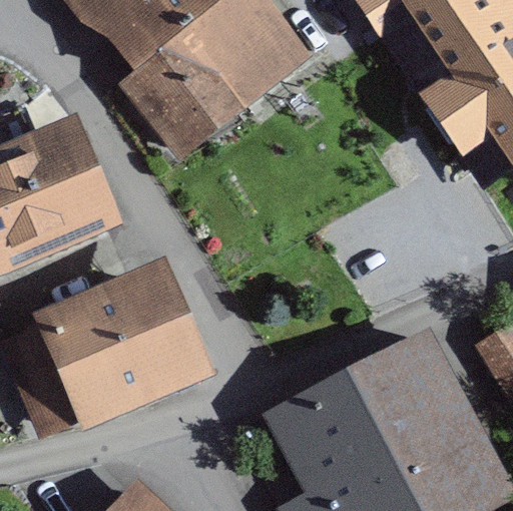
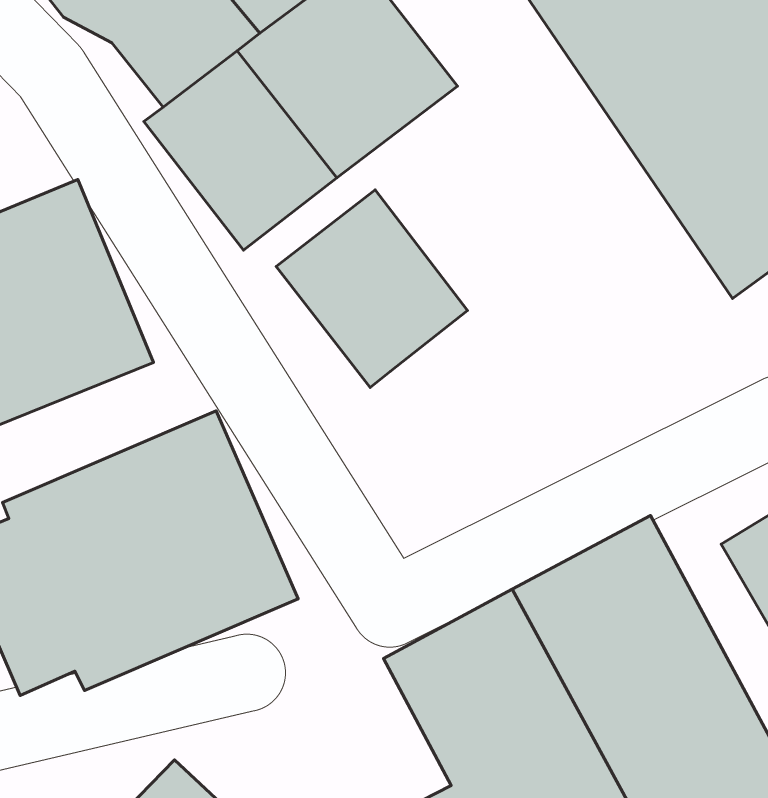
building: none -> [276,190,467,387]

